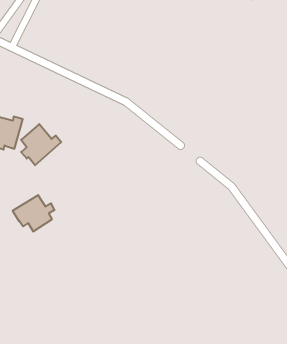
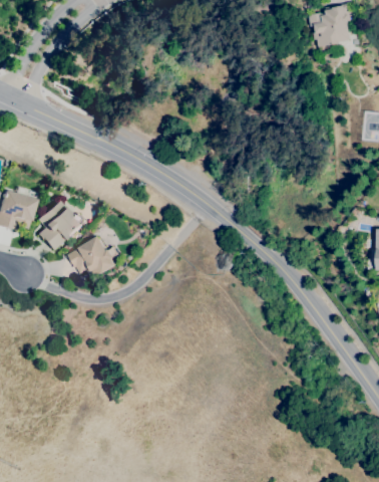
building: [13,195,55,231] -> [67,236,118,280]

